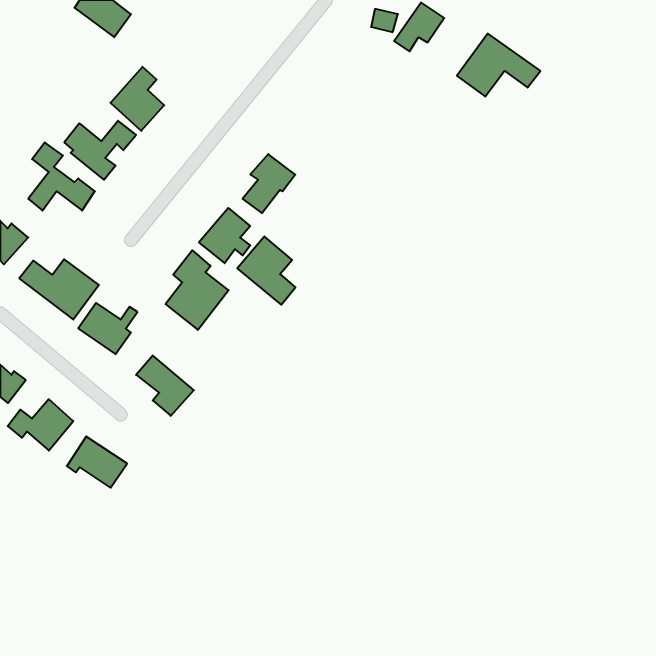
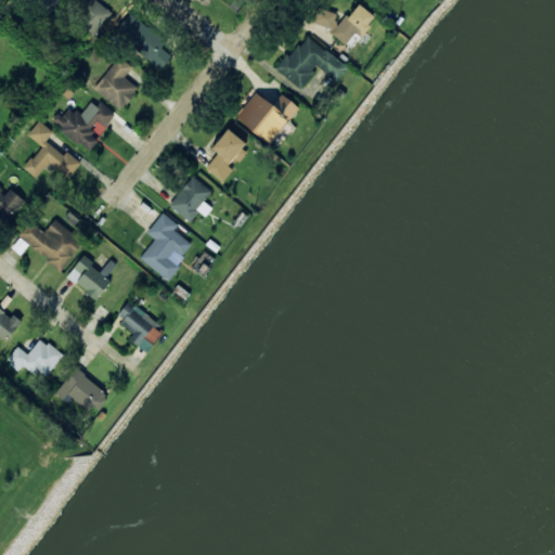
building: none -> [115,12,171,69]
building: [457,34,540,97] -> [278,35,348,88]
building: none -> [235,91,298,143]
building: [237,236,295,305] -> none

